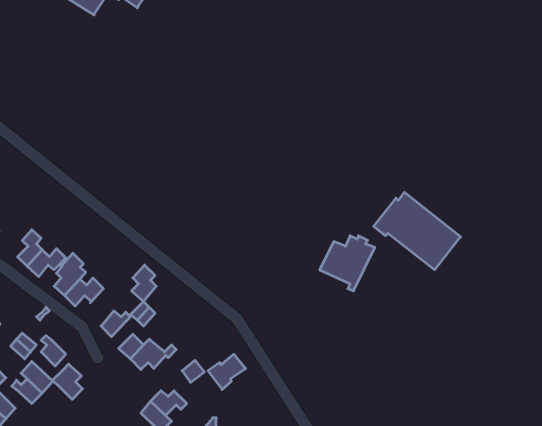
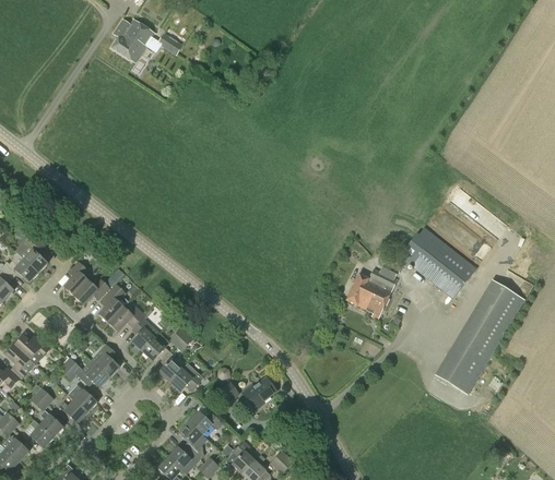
building: none -> [435,279,524,393]
building: [132,265,156,301] -> [131,316,154,350]
building: [52,364,83,399] -> [91,344,119,376]

